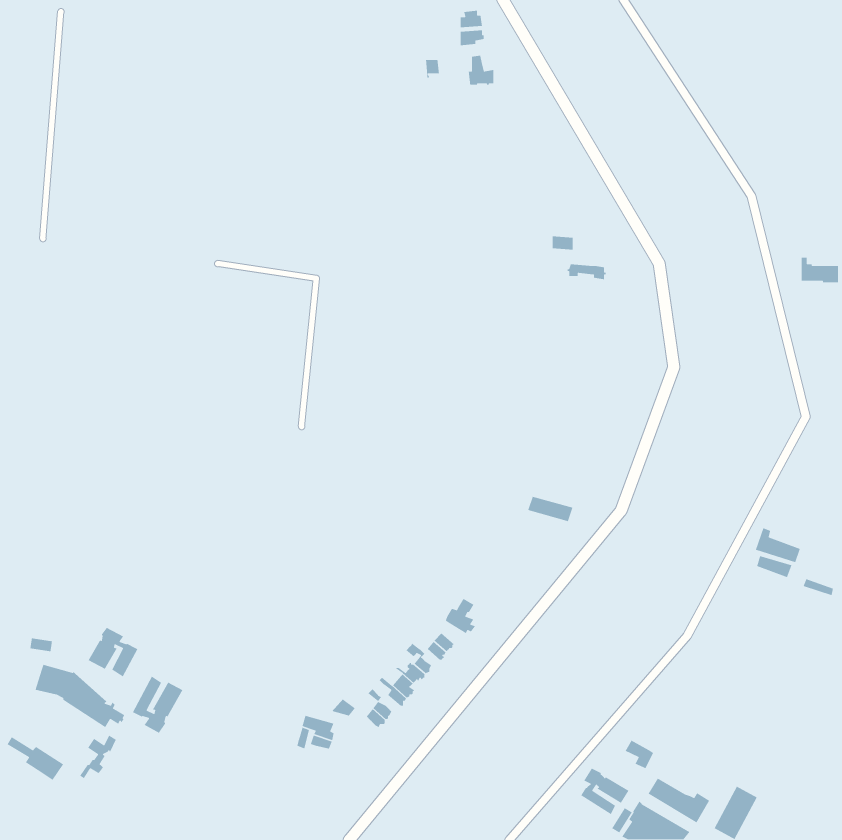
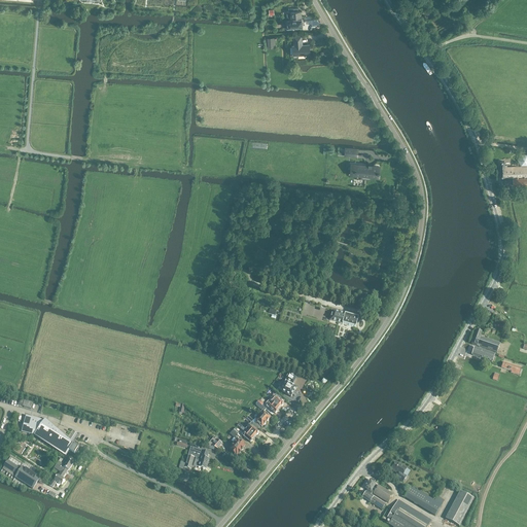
building: [87,627,139,678] -> none
building: [132,676,183,734] -> none

